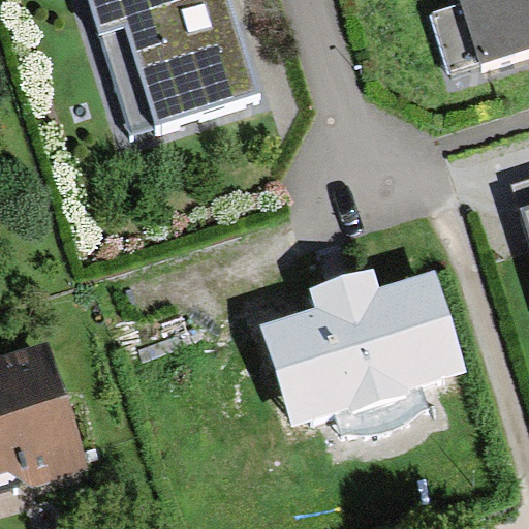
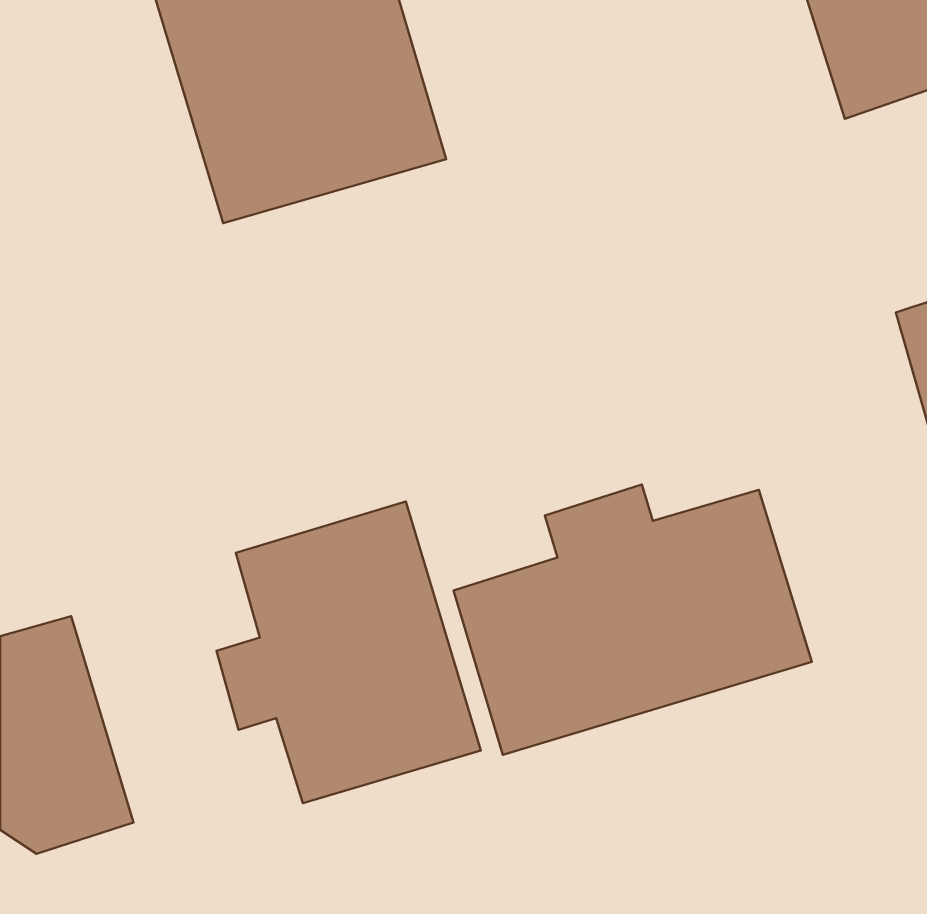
building: none -> [216,501,481,803]

